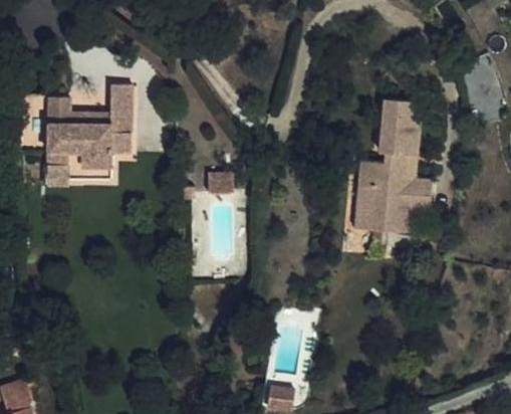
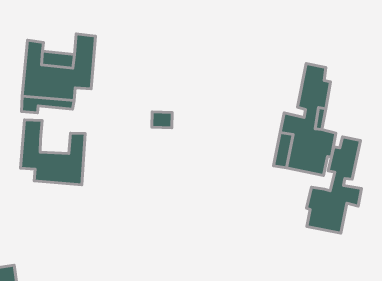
building: none -> [307,137,362,233]
building: none -> [20,120,85,185]

